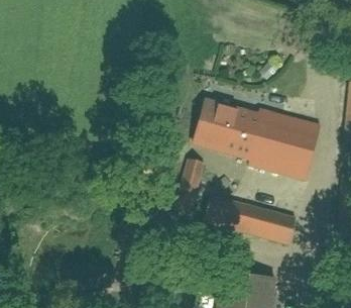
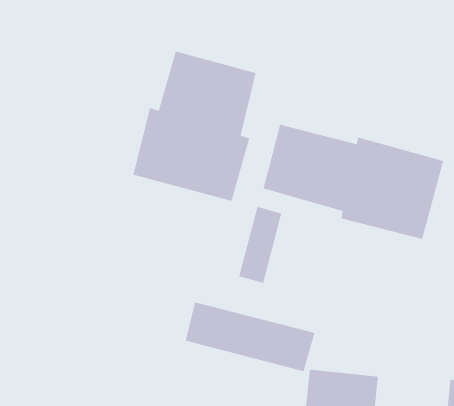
building: none -> [133,50,257,202]
building: [202,194,295,244] -> [185,301,315,372]

